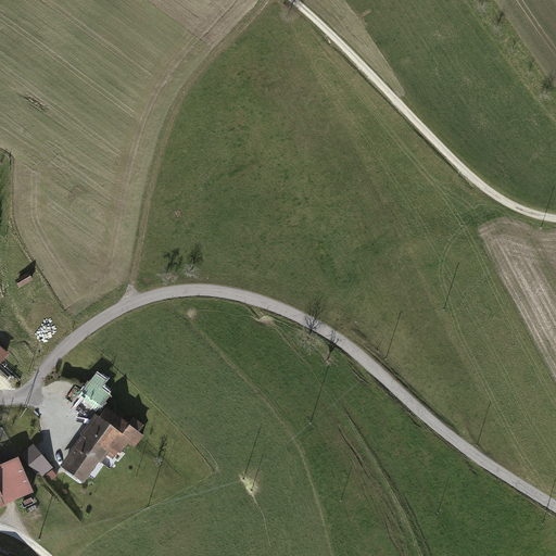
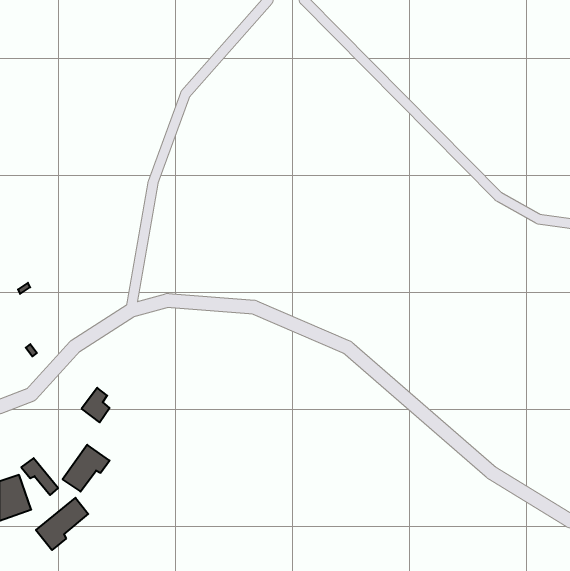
building: [85,403,142,454] -> none
building: none -> [36,498,88,550]

